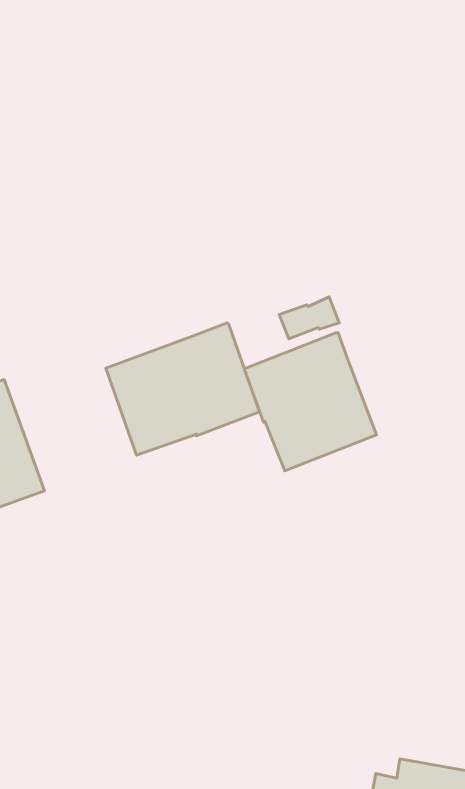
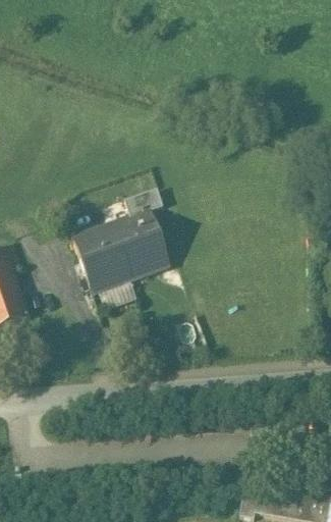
building: [279,297,339,339] -> [126,189,164,215]
building: [244,333,376,471] -> none

